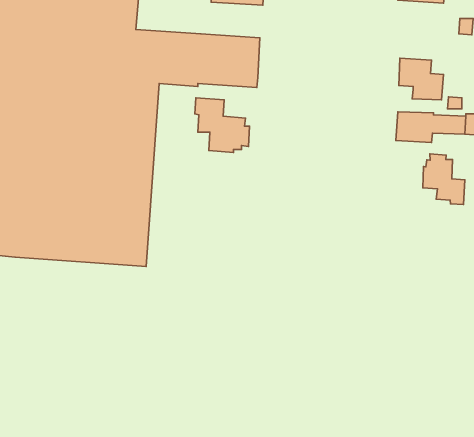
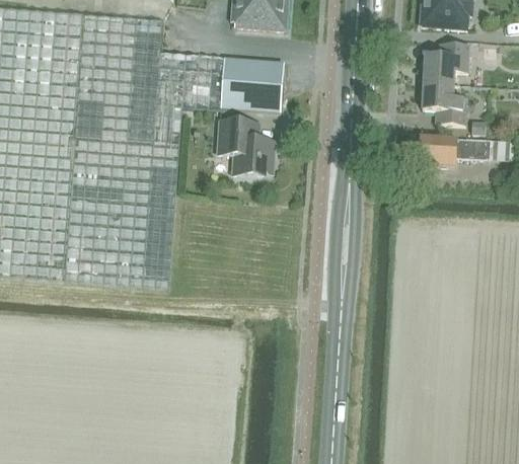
building: none -> [422,44,467,84]
building: [423,154,465,205] -> none

